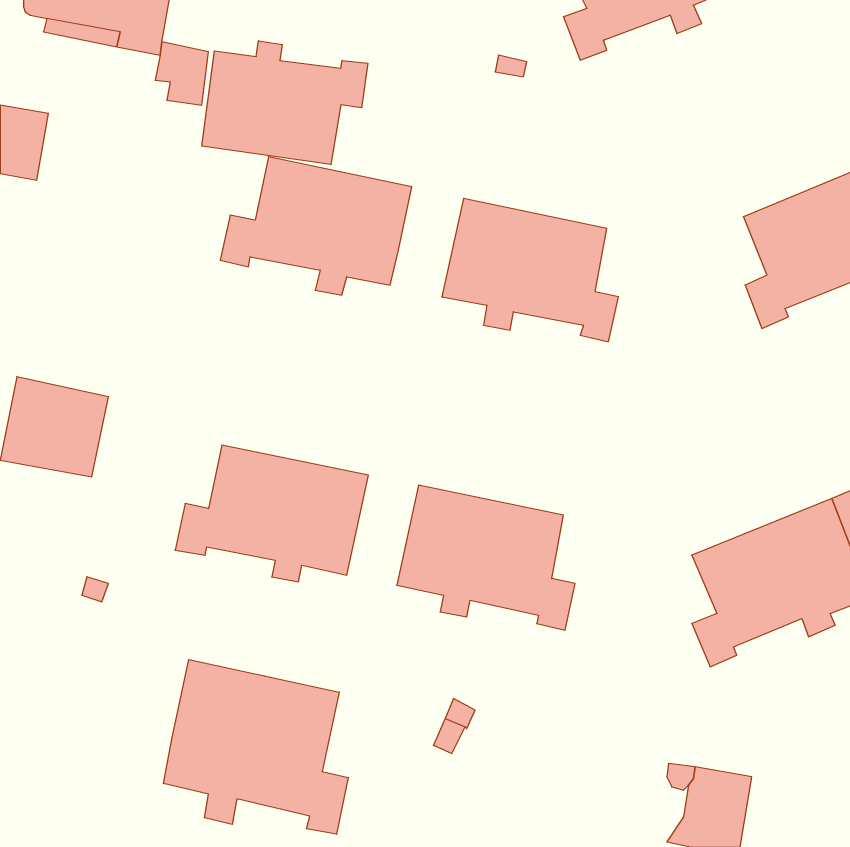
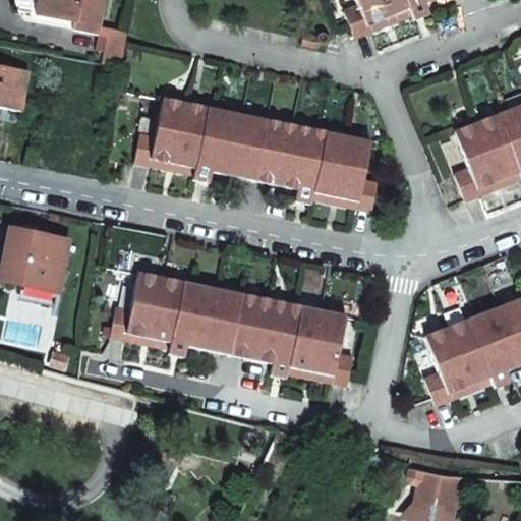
building: [202,41,368,165] -> none
building: none -> [239,114,284,181]
building: none -> [213,290,256,357]
building: [163,660,348,834] -> none

